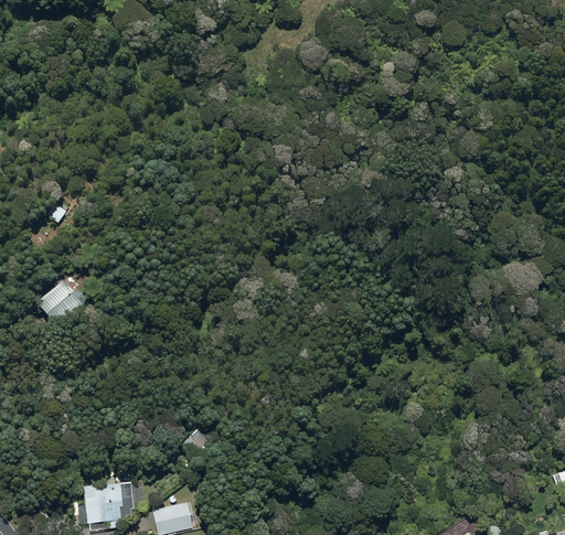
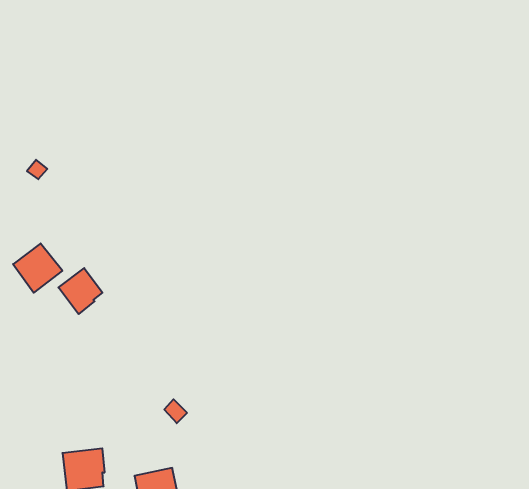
building: none -> [58,268,102,314]

